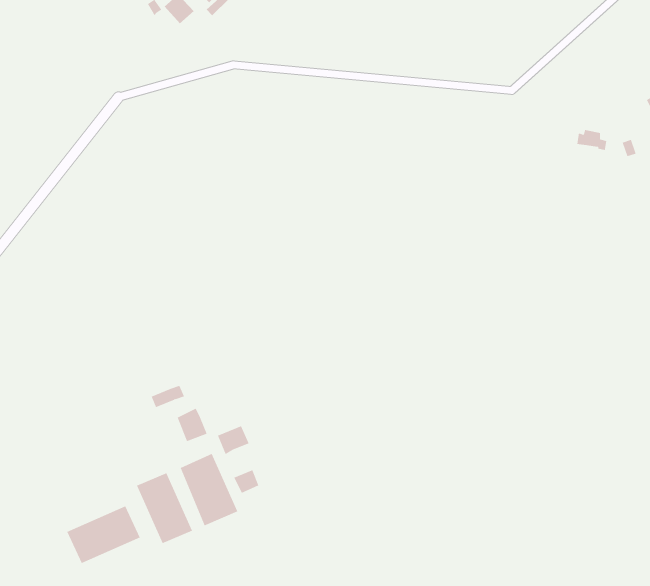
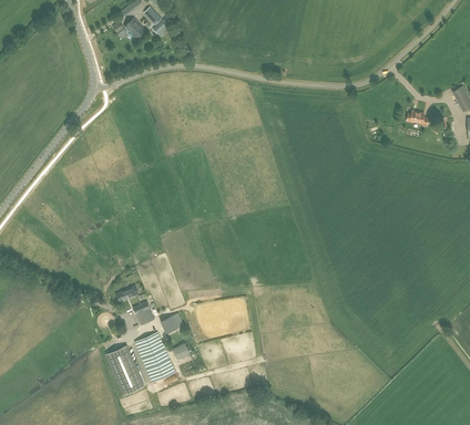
building: [67,505,141,564] -> none

